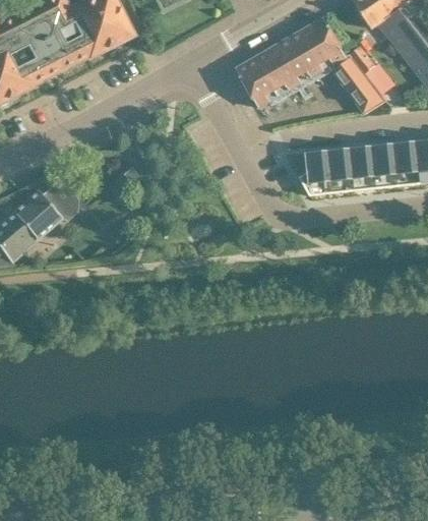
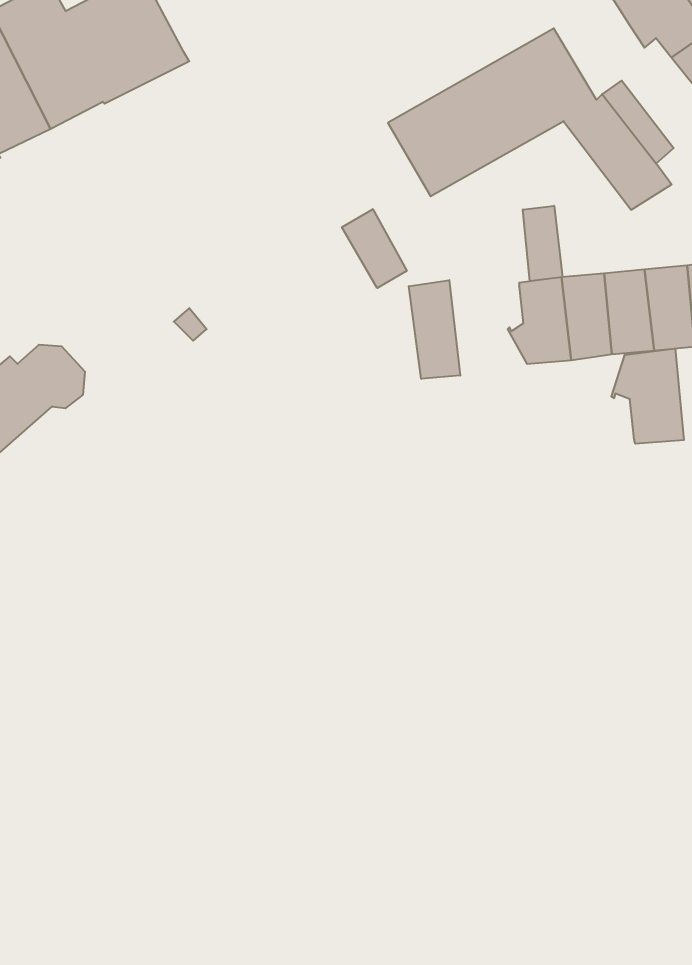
building: none -> [523,206,562,281]
building: none -> [342,209,407,288]
building: none -> [409,280,460,379]
building: none -> [611,348,684,444]

